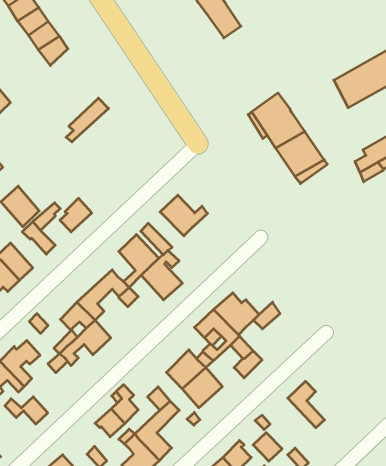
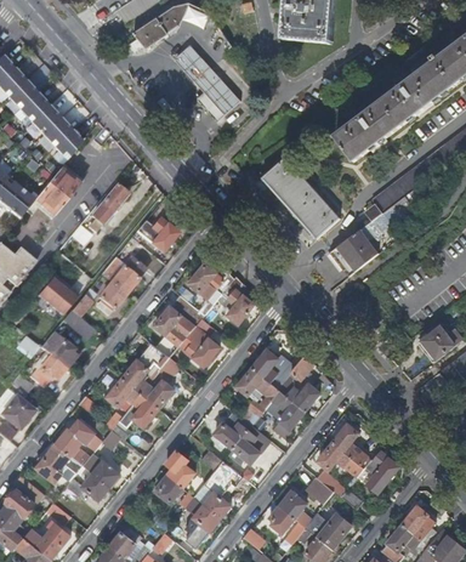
building: none -> [34,168,79,214]
building: none -> [131,217,177,256]
building: none -> [101,256,146,293]
building: none -> [333,223,380,274]
building: none -> [218,274,254,323]
building: none -> [142,375,175,408]
building: none -> [279,380,319,409]
building: none -> [84,453,120,487]
building: none -> [319,442,364,470]
building: none -> [368,450,399,492]

